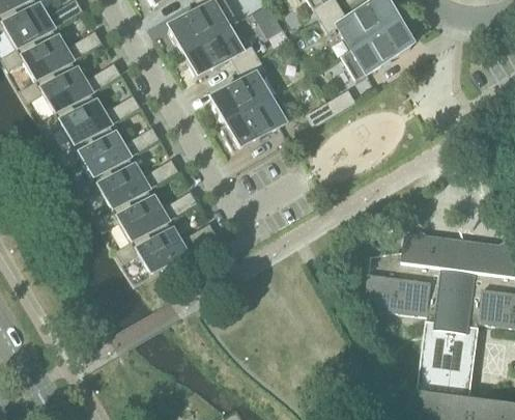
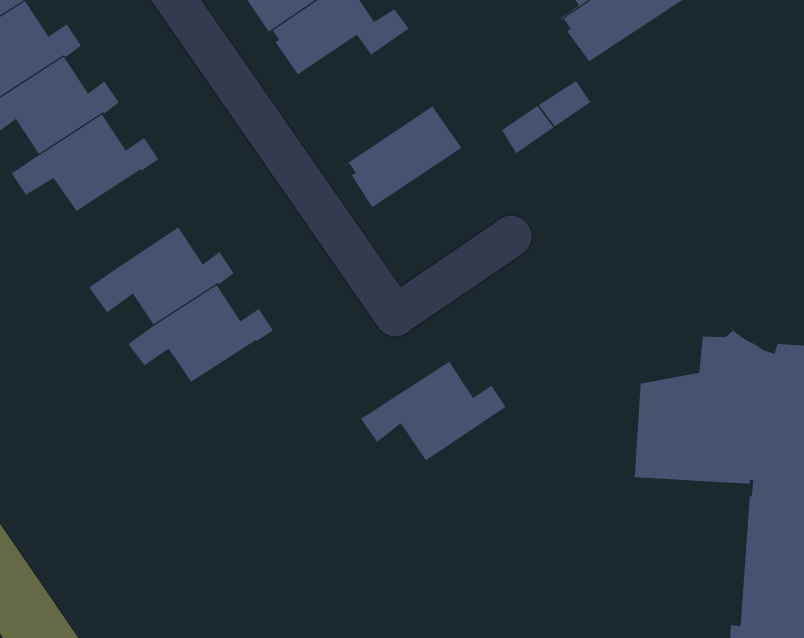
building: [210,53,269,125] -> none
building: [58,121,138,174] -> none
building: [115,218,195,272] -> [360,360,506,461]

